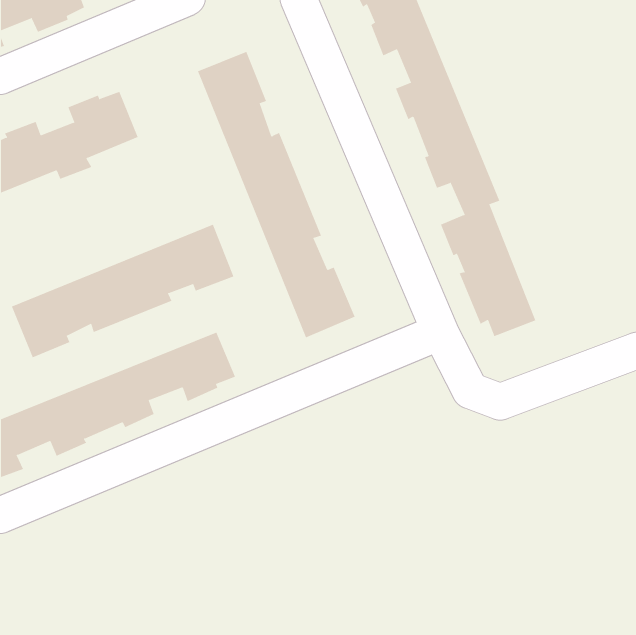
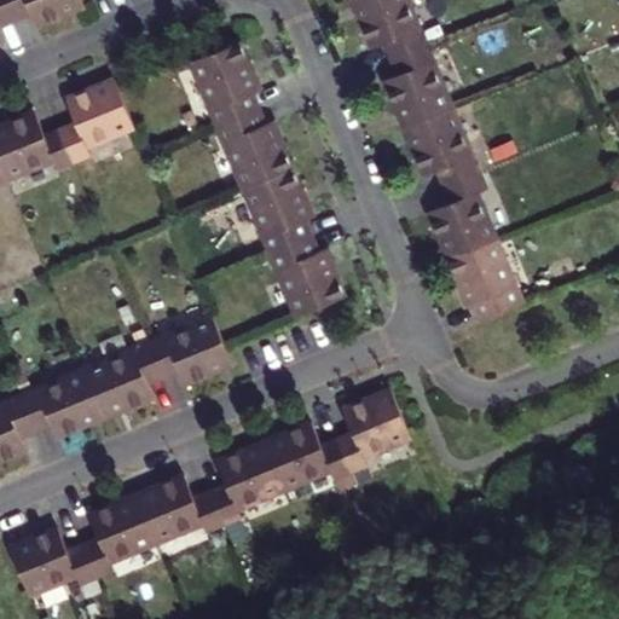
building: [11,224,234,358] -> none
building: none -> [7,391,406,592]

